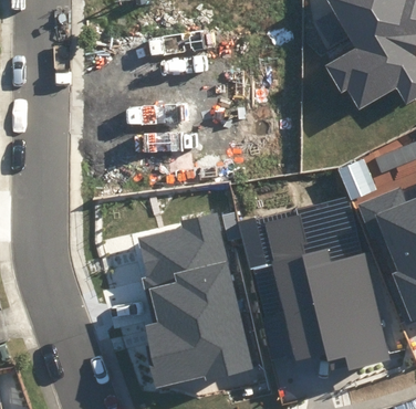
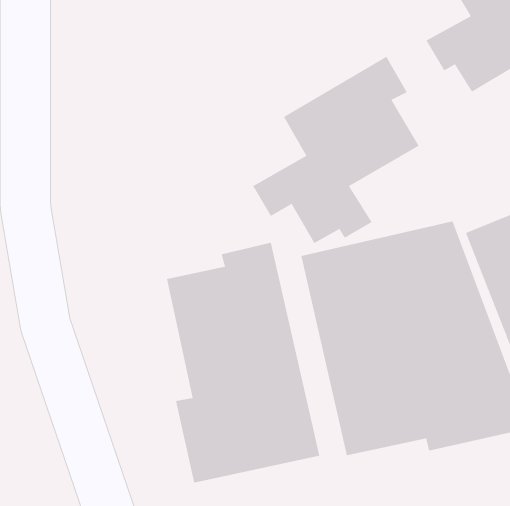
building: none -> [252,56,420,244]

